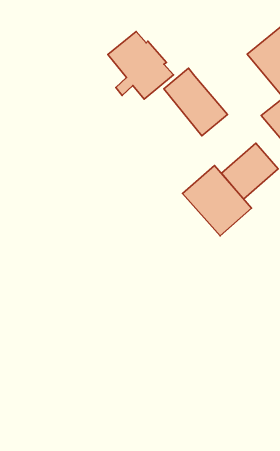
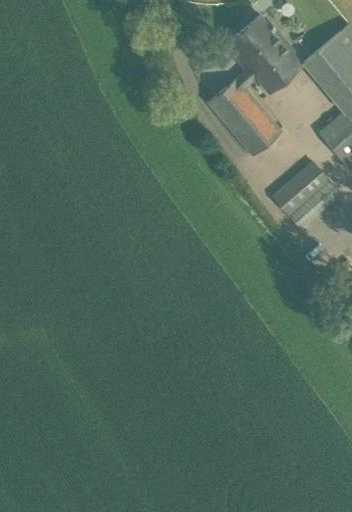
building: [108,31,174,99] -> [227,16,301,92]
building: [182,165,251,236] -> none

